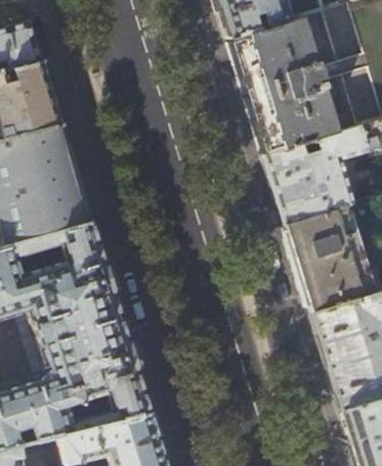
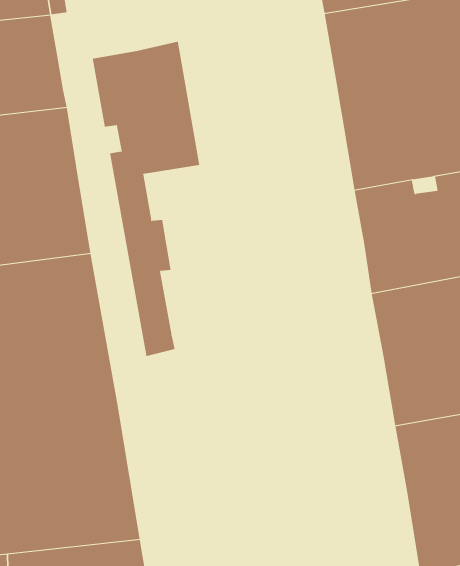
building: none -> [92,41,200,357]

